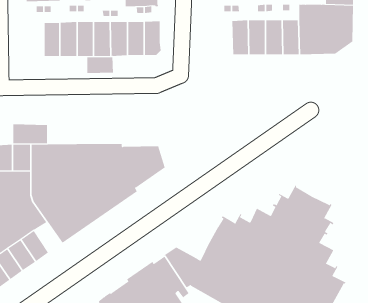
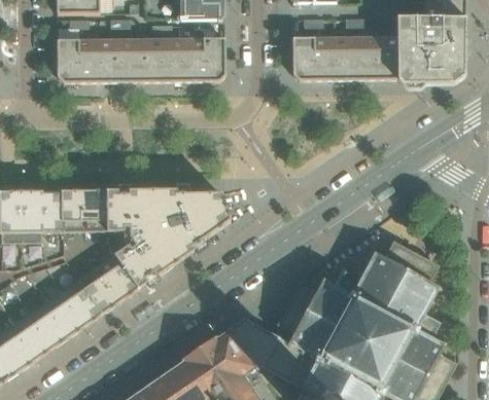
building: none -> [291,36,313,78]
building: none -> [56,38,78,81]
building: [87,56,113,74] -> none
building: [13,123,47,144] -> none
building: none -> [66,286,101,324]

